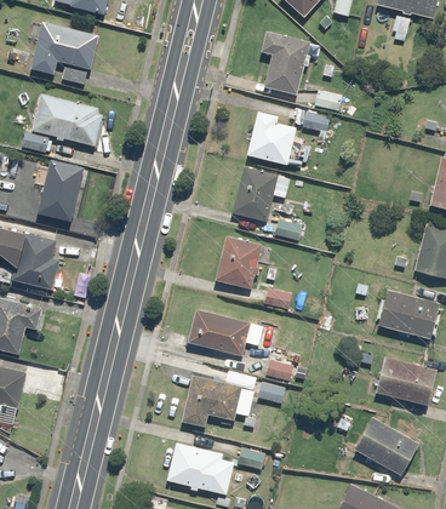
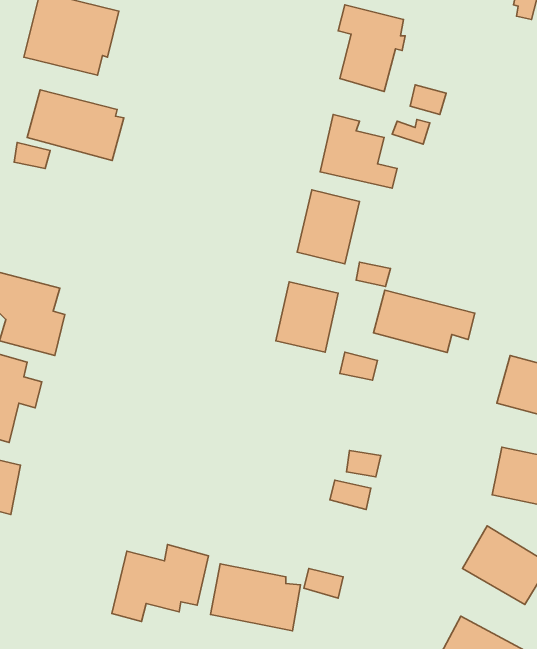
building: [38,160,85,222] -> none
building: [188,310,263,356] -> [373,290,475,352]
building: [184,371,256,428] -> [112,545,209,622]

